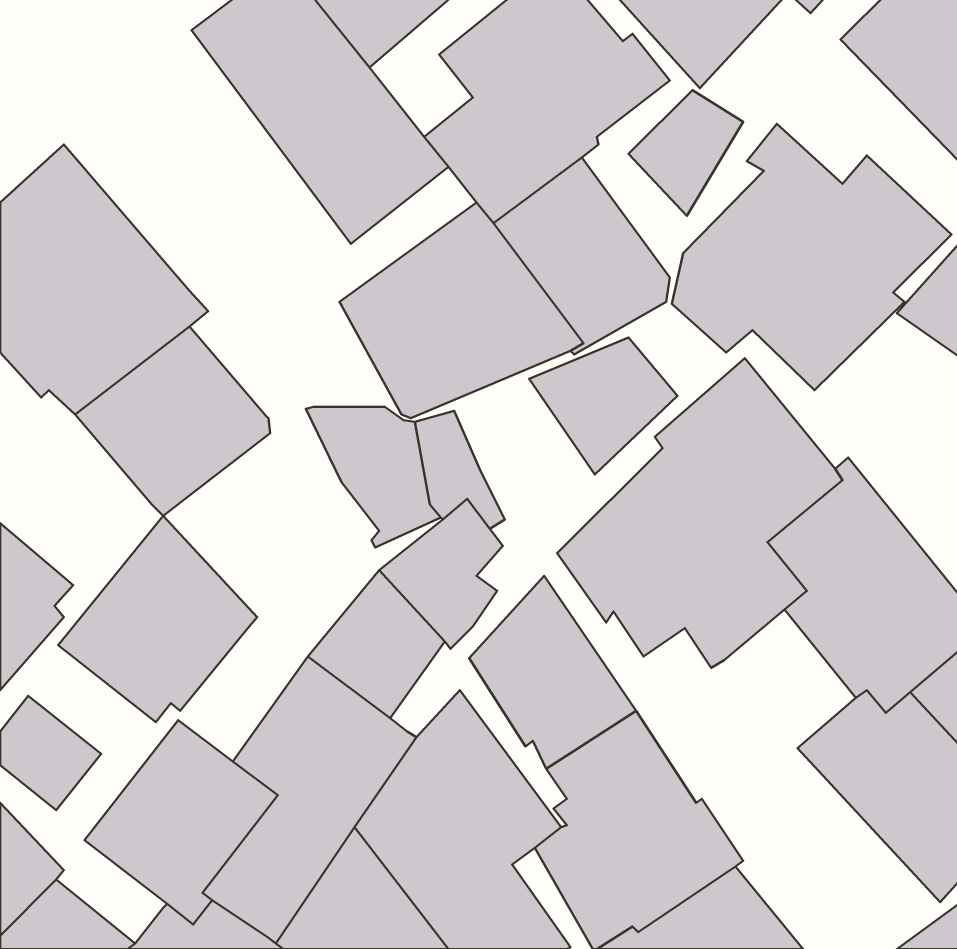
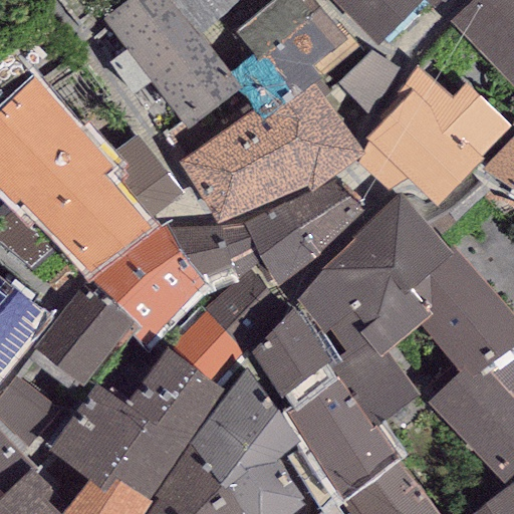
building: none -> [102,132,183,223]
building: none -> [244,203,319,289]
building: none -> [88,219,204,347]
building: none -> [332,336,419,426]

